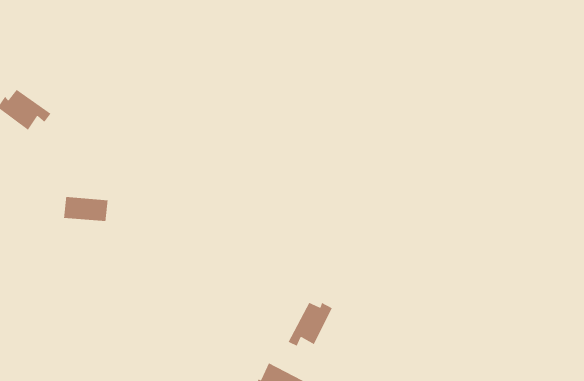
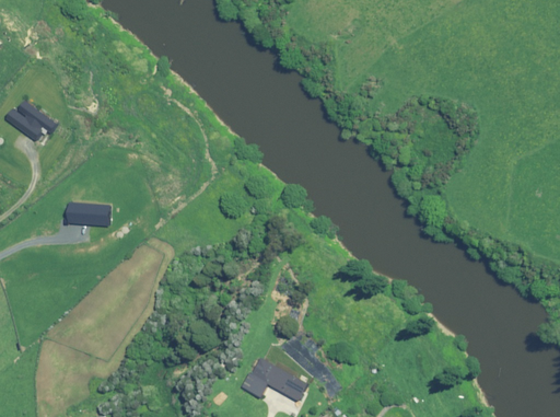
building: [288,302,333,347] -> none

